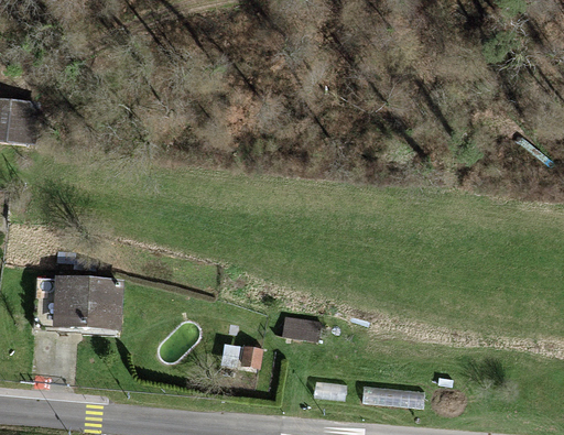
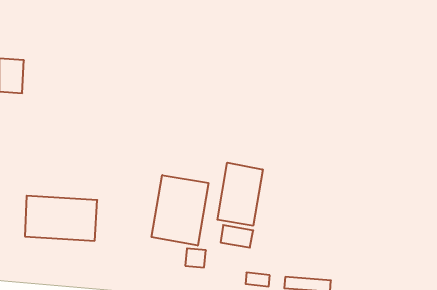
building: none -> [217,163,263,226]
building: none -> [152,175,208,246]

